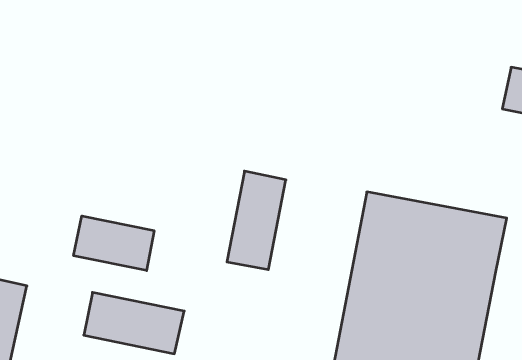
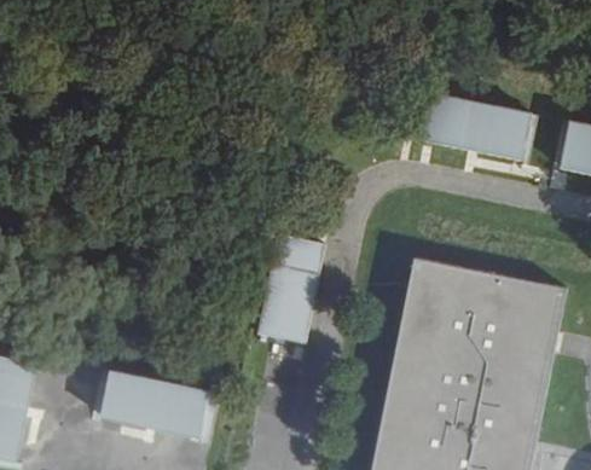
building: none -> [424,93,533,159]
building: [74,216,154,271] -> none

